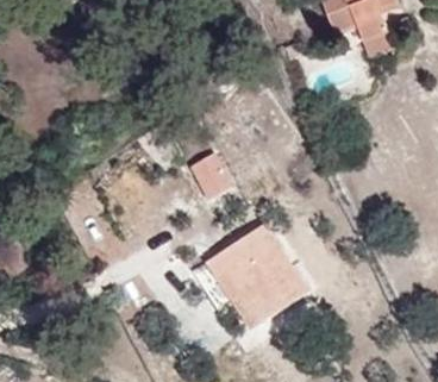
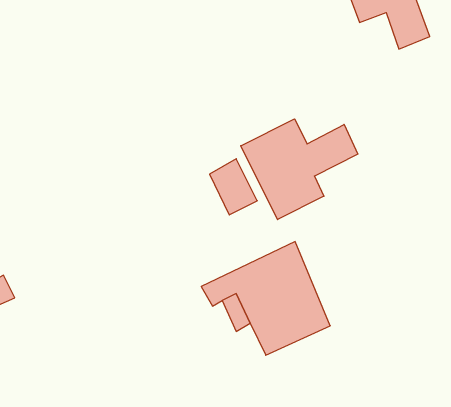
building: none -> [241,119,358,220]

